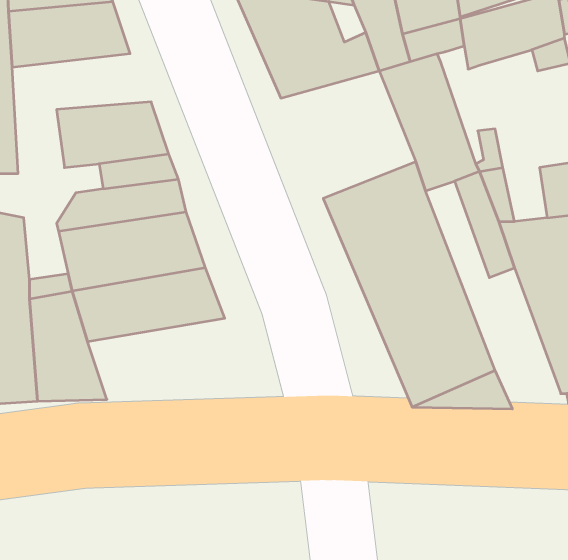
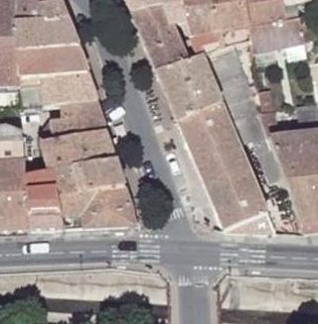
building: none -> [15,42,88,105]
building: none -> [155,51,225,118]
building: none -> [54,181,134,223]

